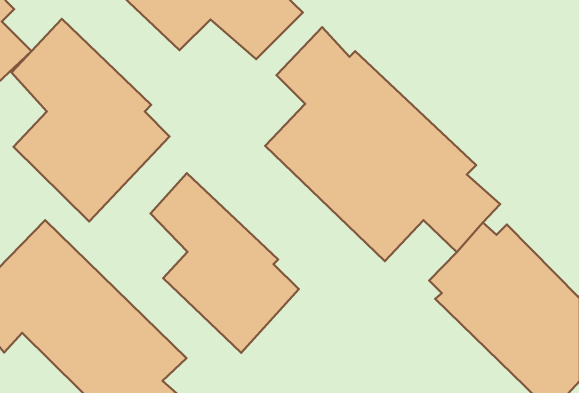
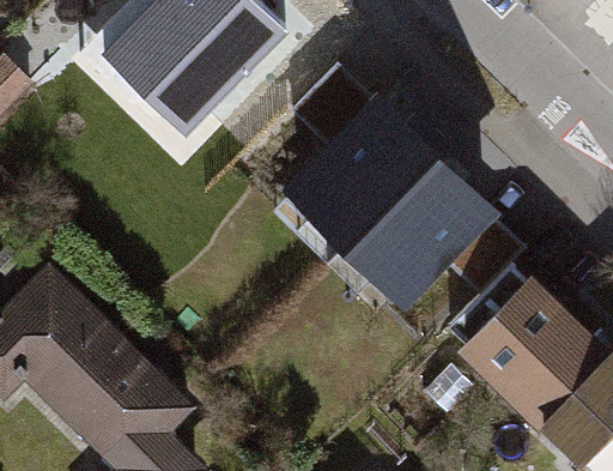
building: [11,19,169,222] -> none
building: [150,173,299,353] -> none

